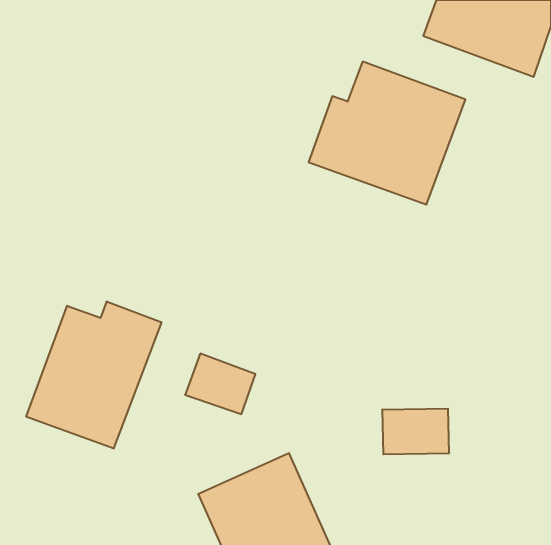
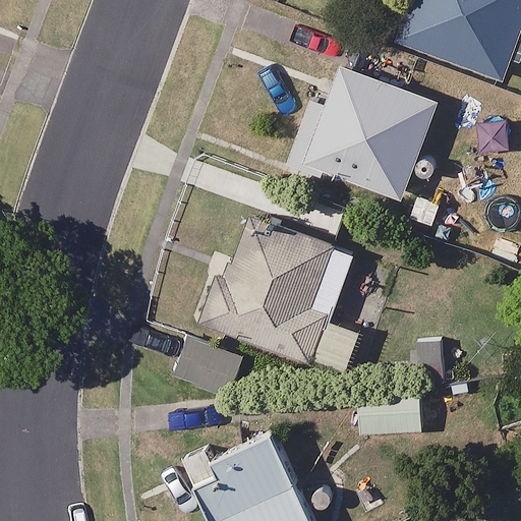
building: none -> [204,220,393,372]
building: [26,301,161,449] -> none

